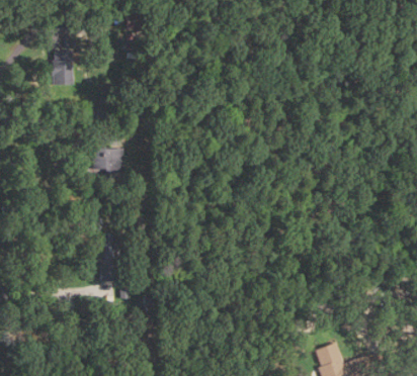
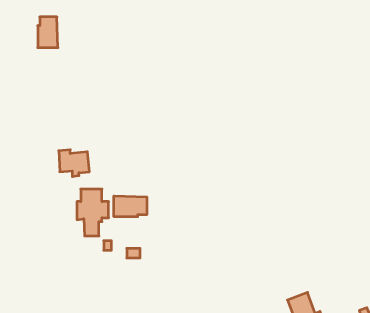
building: [91,147,123,175] -> [59,150,89,177]
building: none -> [114,196,147,217]

